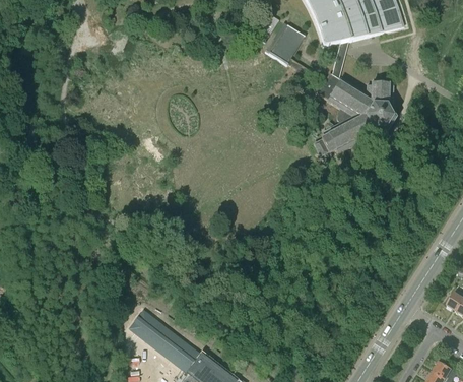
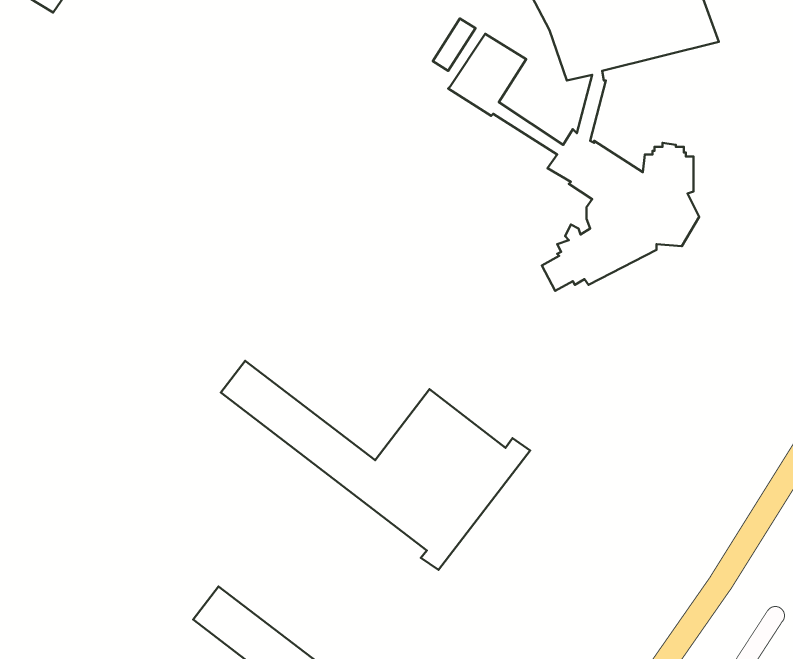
building: none -> [221,361,530,570]

